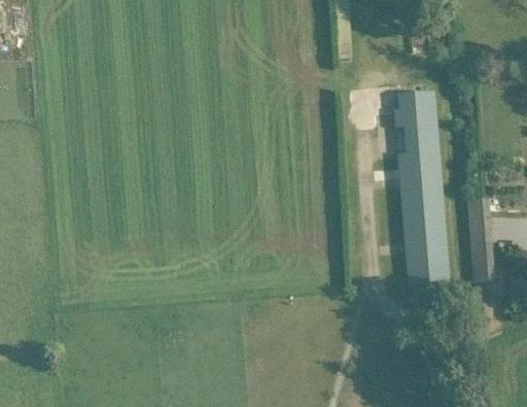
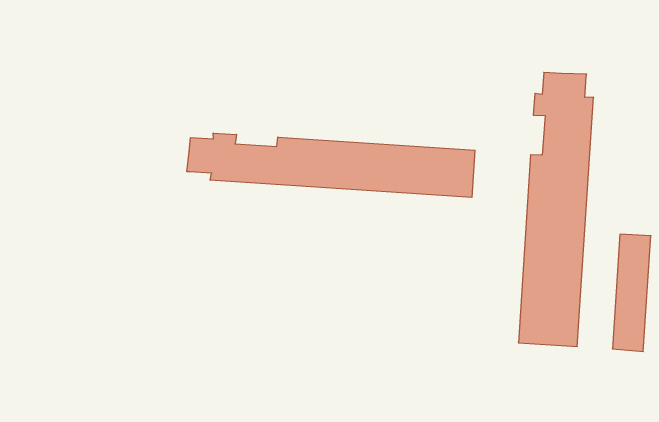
building: none -> [187,133,475,197]

